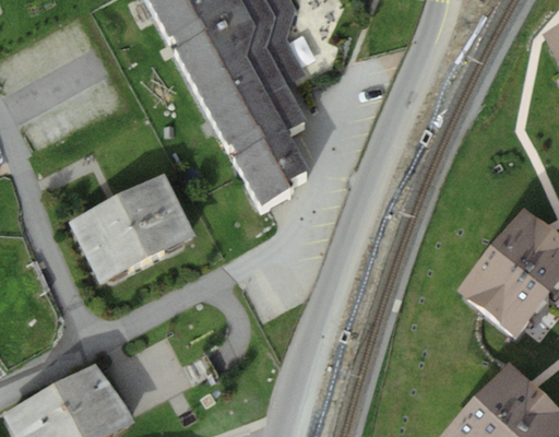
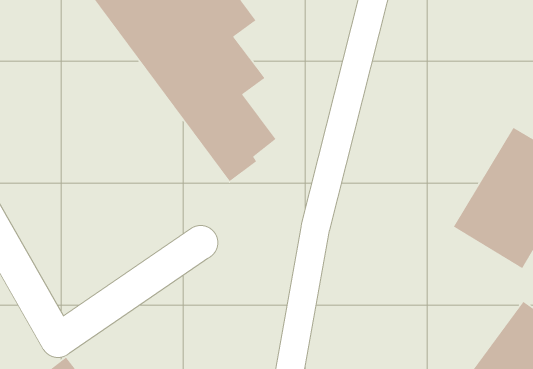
building: [71,173,198,283] -> none

